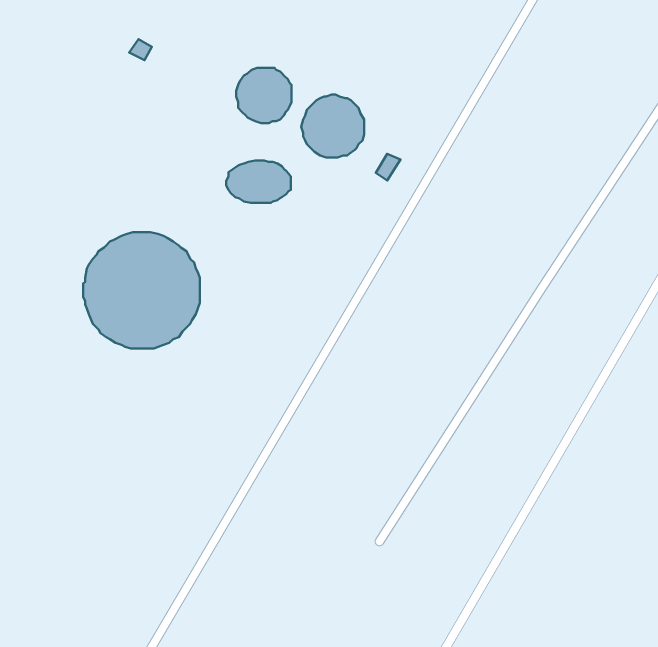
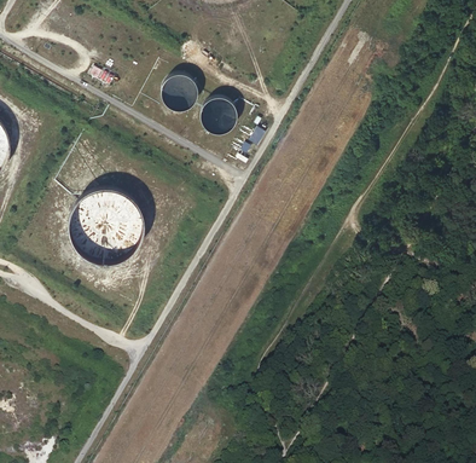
building: [226,160,291,203] -> none

